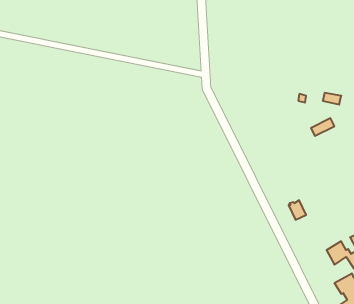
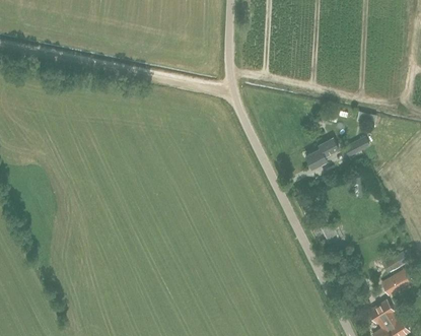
building: none -> [304,139,338,169]

